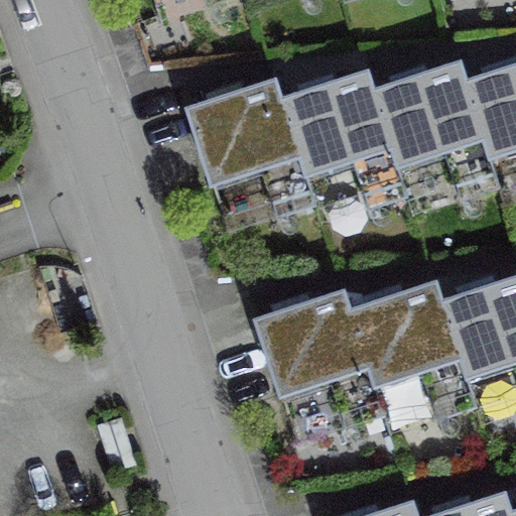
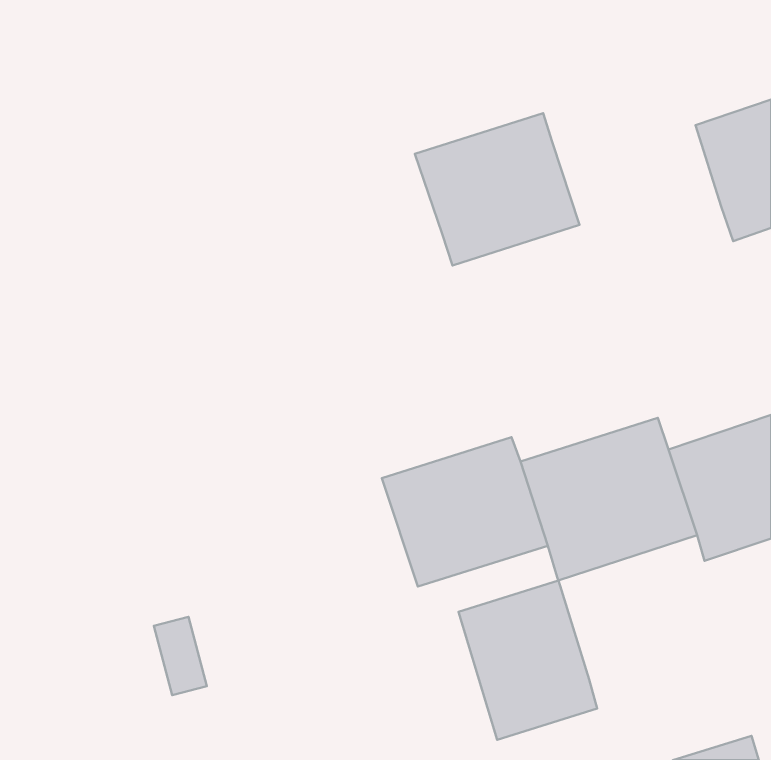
building: [369,66,482,166] -> none
building: [185,82,295,183] -> none
building: none -> [458,580,597,740]

